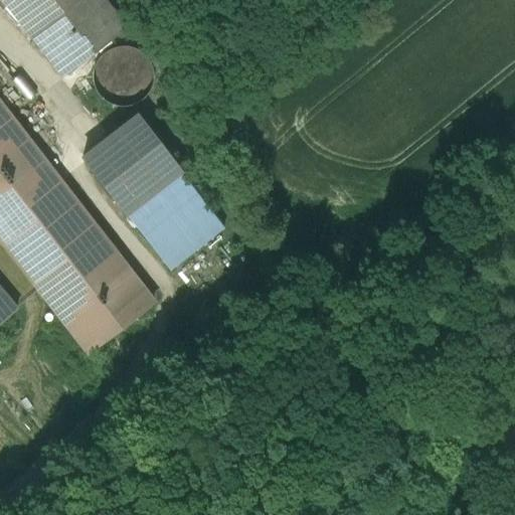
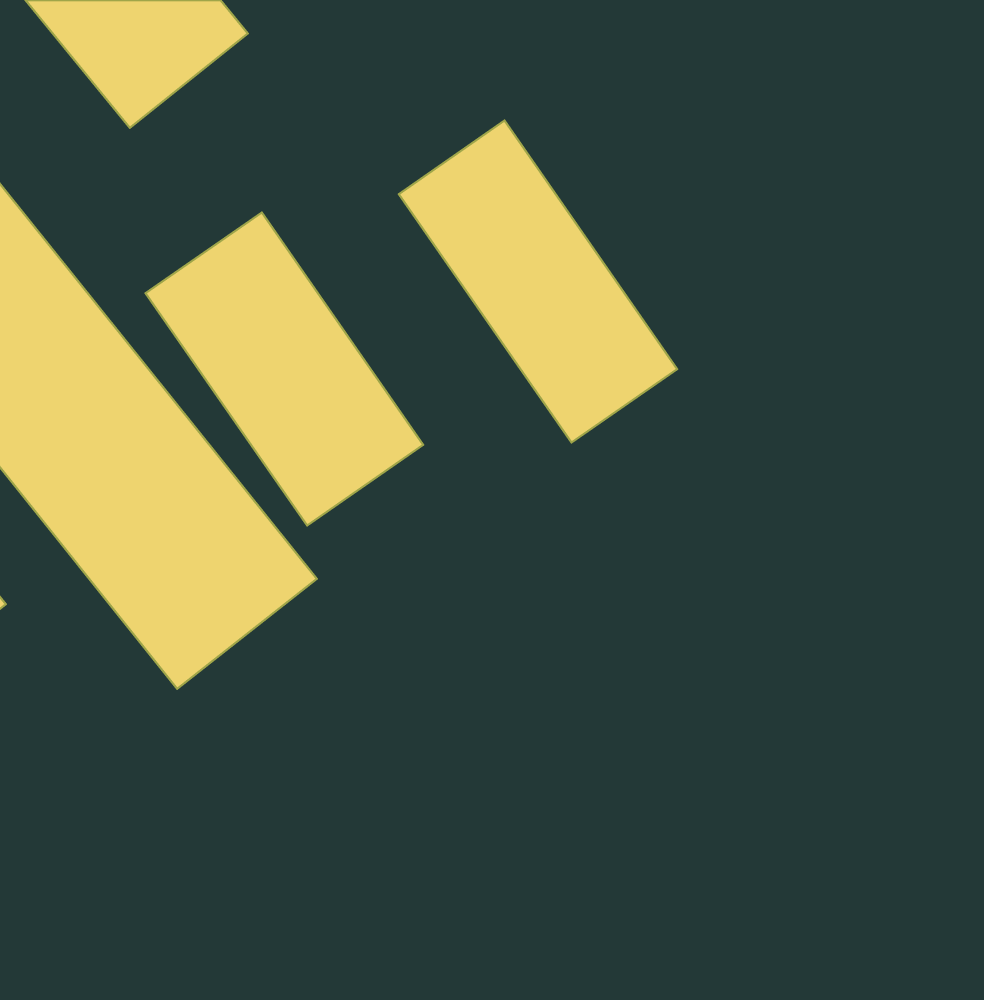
building: [96,42,155,101] -> none
building: none -> [399,121,677,443]

